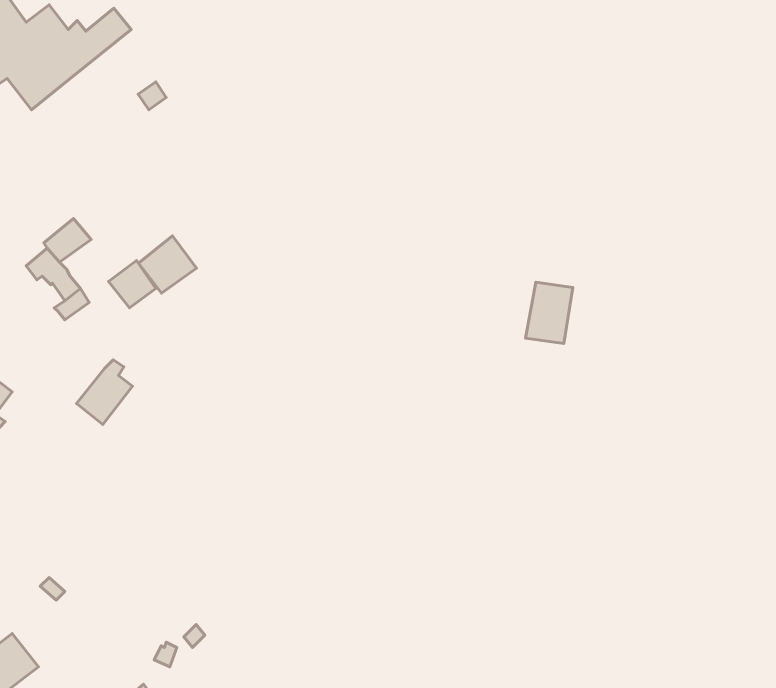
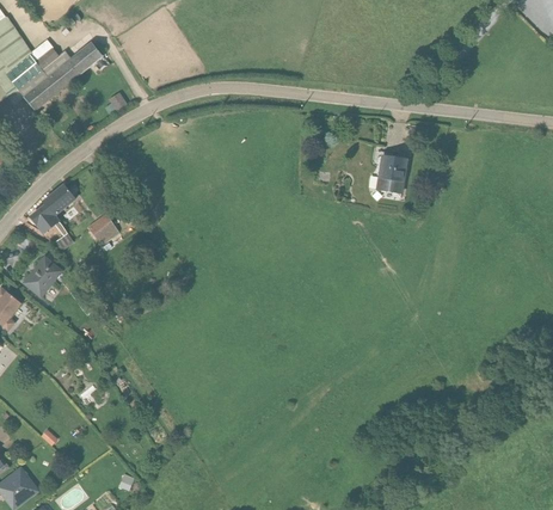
building: [139,236,197,293] -> none
building: [525,282,573,344] -> [374,150,406,192]
building: [76,360,132,425] -> [24,252,62,296]

